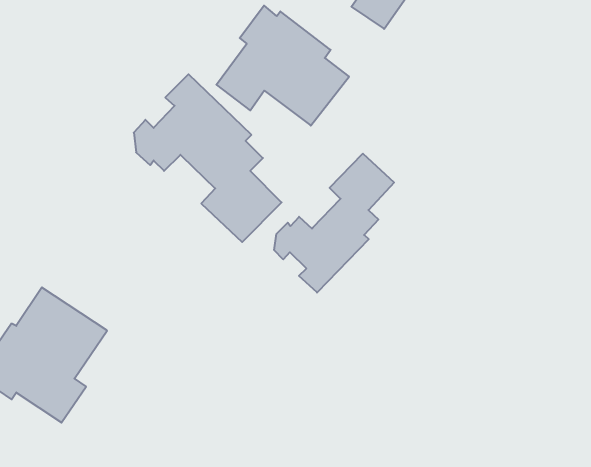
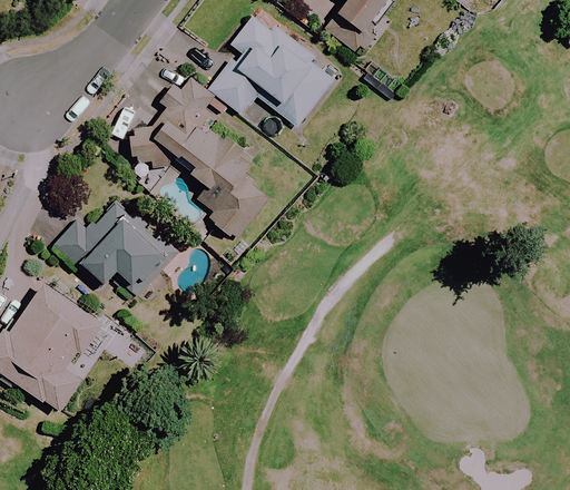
building: [274,154,394,293] -> none
building: none -> [51,199,179,305]

